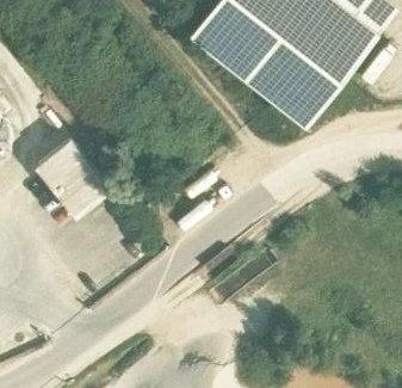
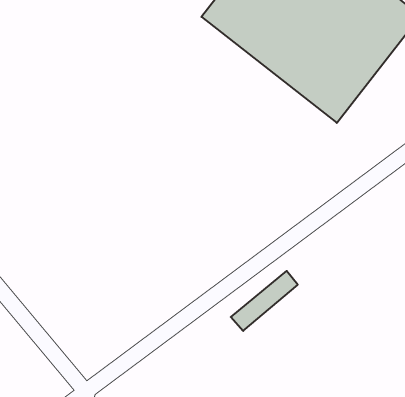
building: [39,136,112,213] -> none

